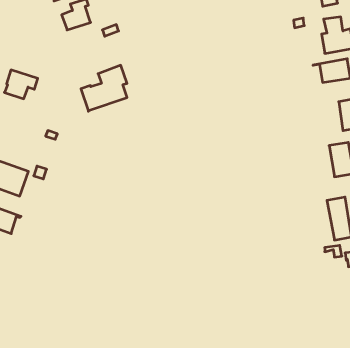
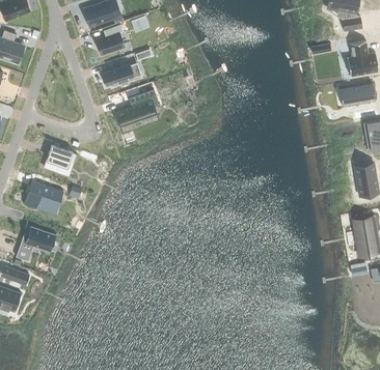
building: none -> [101,61,134,86]
building: [4,70,38,99] -> [45,144,77,172]

